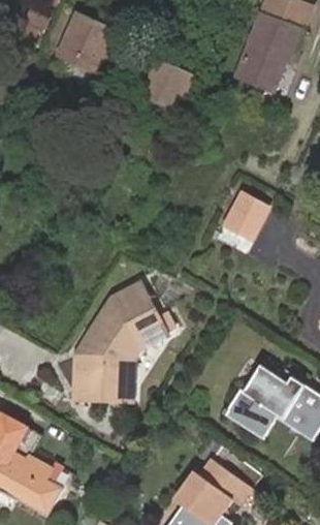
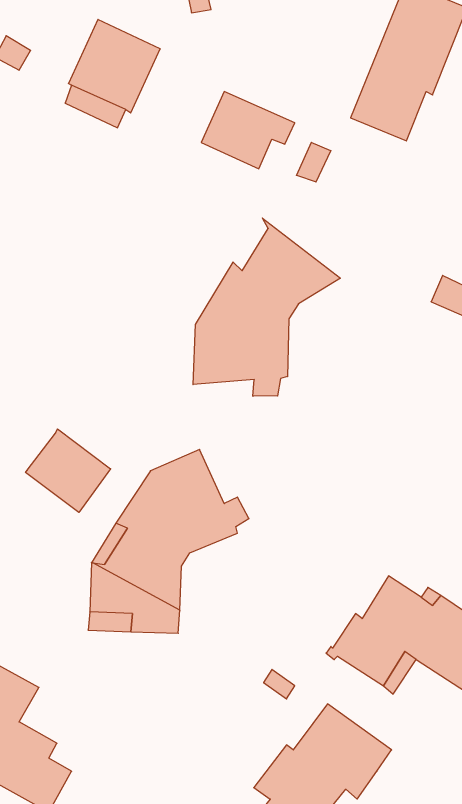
building: none -> [193,218,340,396]
building: [225,193,266,237] -> none
building: none -> [26,429,111,512]

